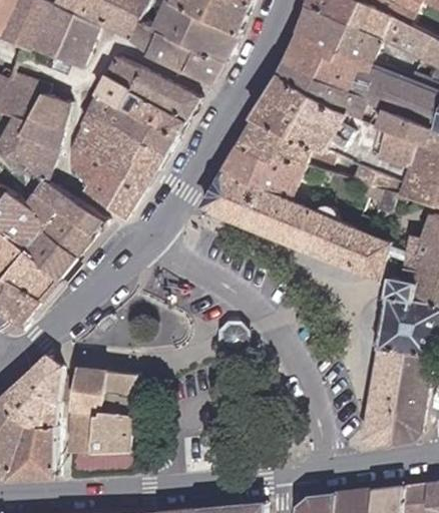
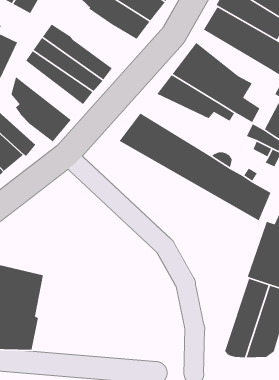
building: [106,56,200,120] -> none
building: [279,61,372,119] -> none
building: [72,125,156,187] -> none
building: [225,144,307,198] -> none

